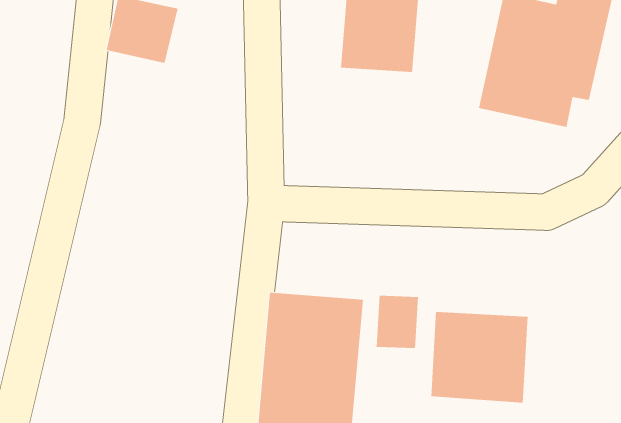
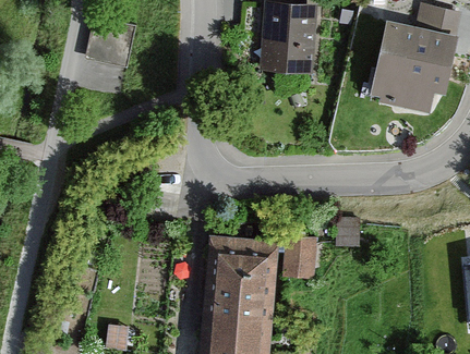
building: [431,311,528,403] -> none

